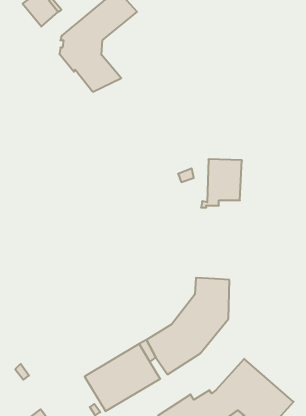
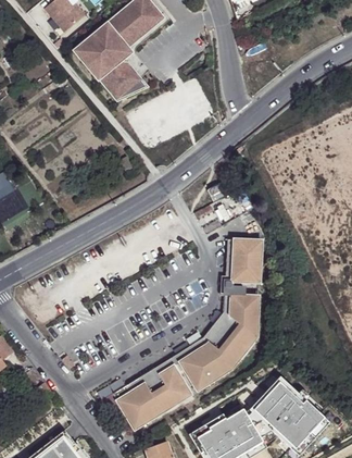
building: [201,159,242,208] -> [221,237,263,287]

